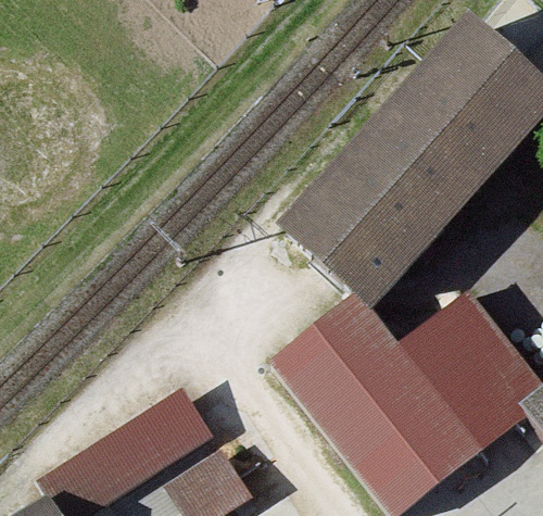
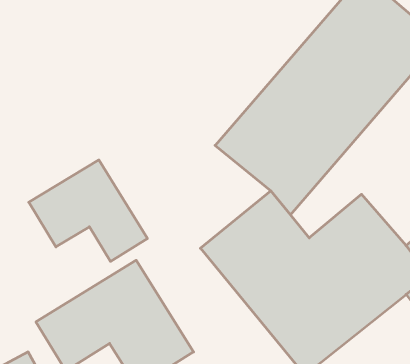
building: none -> [29,160,147,261]

